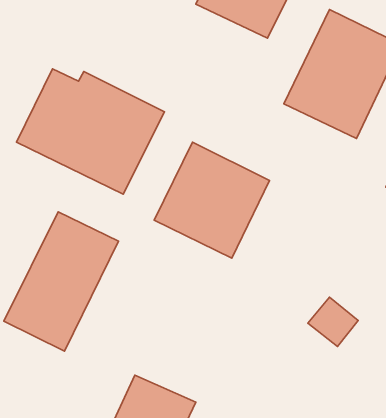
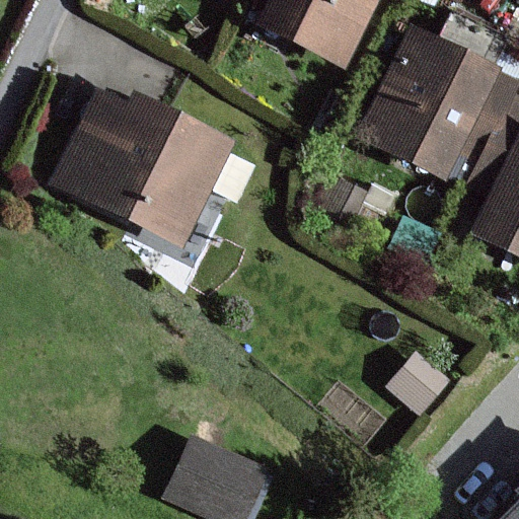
building: [154,142,269,258] -> none
building: [4,212,118,351] -> none

